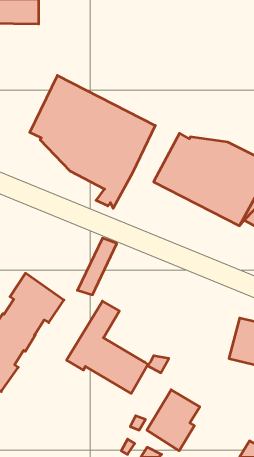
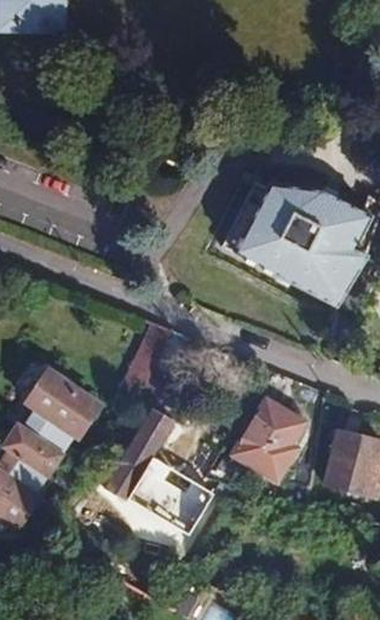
building: [30,75,155,208] -> none
building: [147,390,200,451] -> [234,398,305,481]

